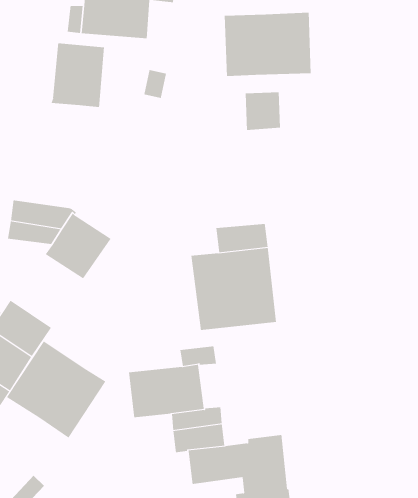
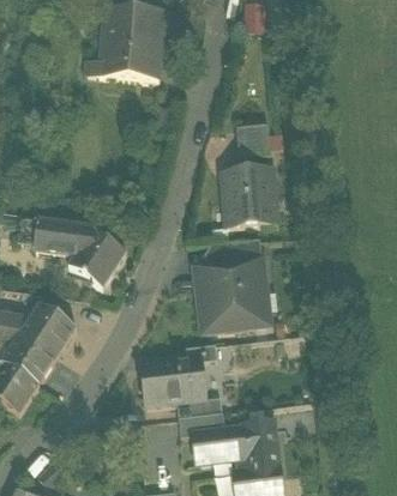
building: [224,12,311,77] -> none
building: [51,42,104,108] -> none
building: none -> [223,169,278,228]
building: [6,340,106,438] -> none

